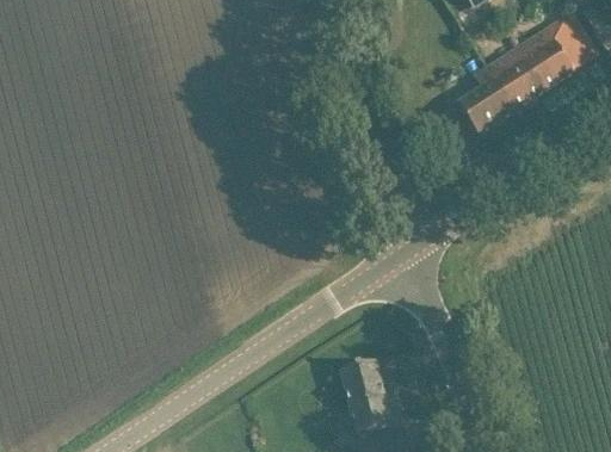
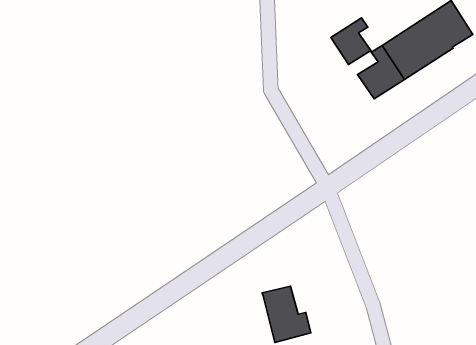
building: none -> [331,18,371,64]

